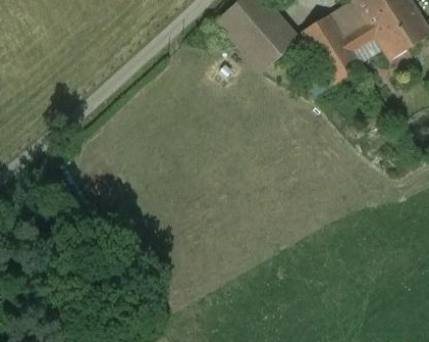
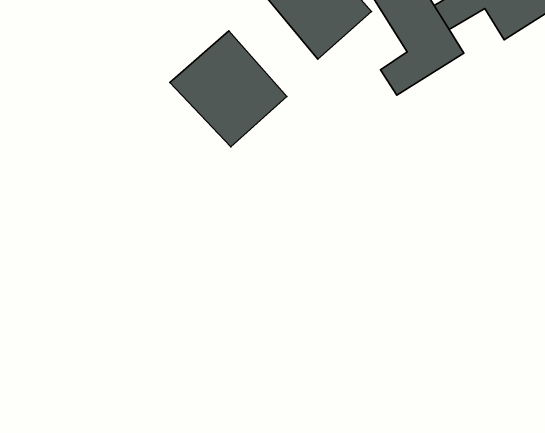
building: none -> [170,31,287,147]

